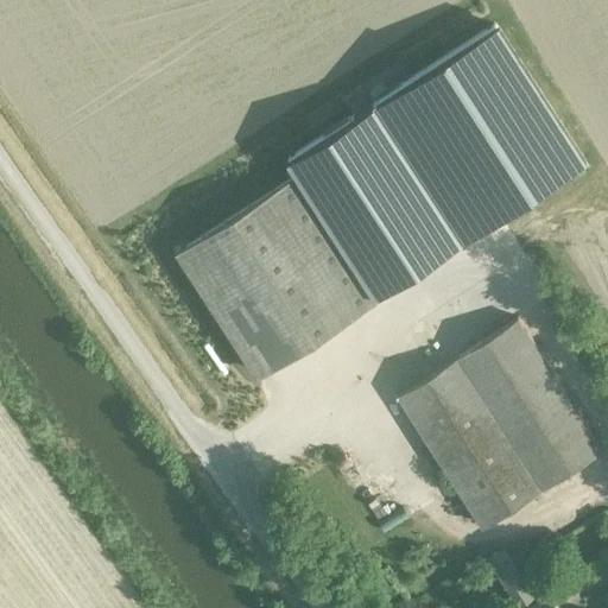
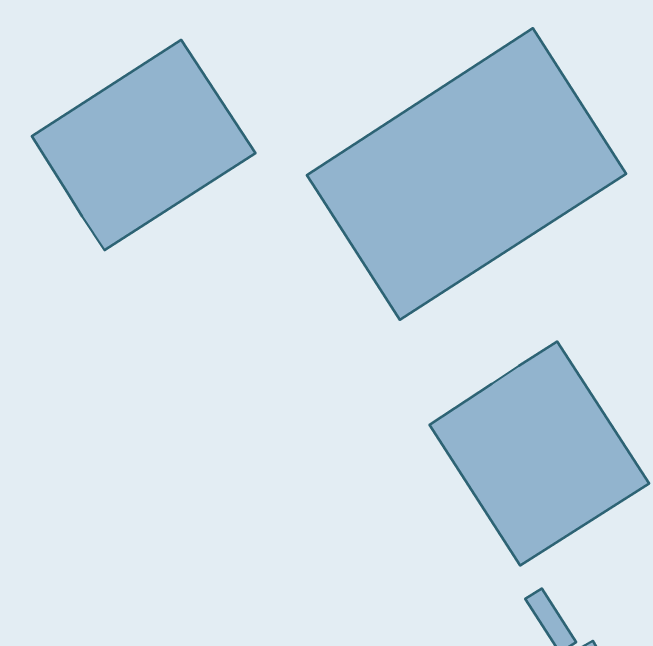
building: none -> [32,40,255,250]
building: [178,184,372,379] -> none

